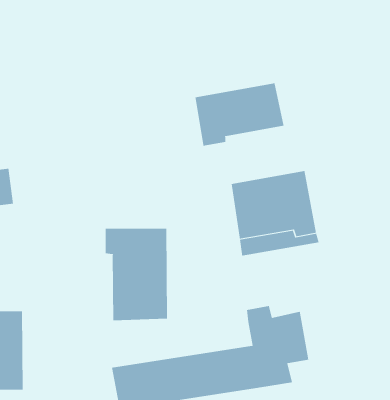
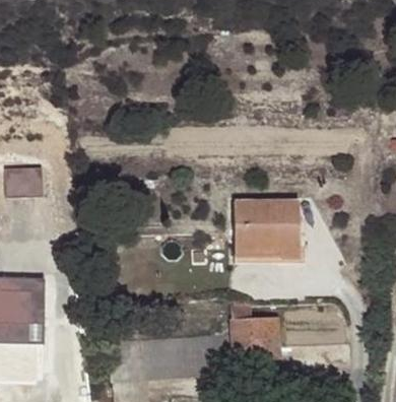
building: [195,83,284,146] -> none
building: [105,228,168,321] -> none

